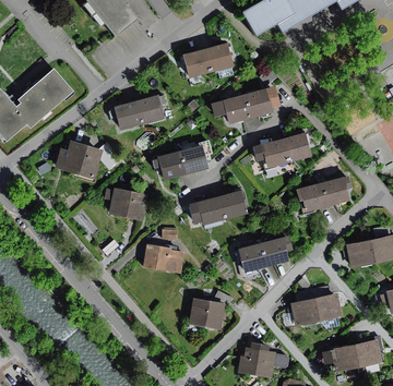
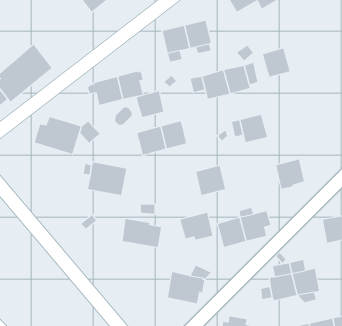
building: none -> [136,91,164,118]
building: [284,132,312,161] -> [262,48,290,77]
building: [322,176,353,206] -> none
building: [189,196,223,225] -> [180,212,213,240]

